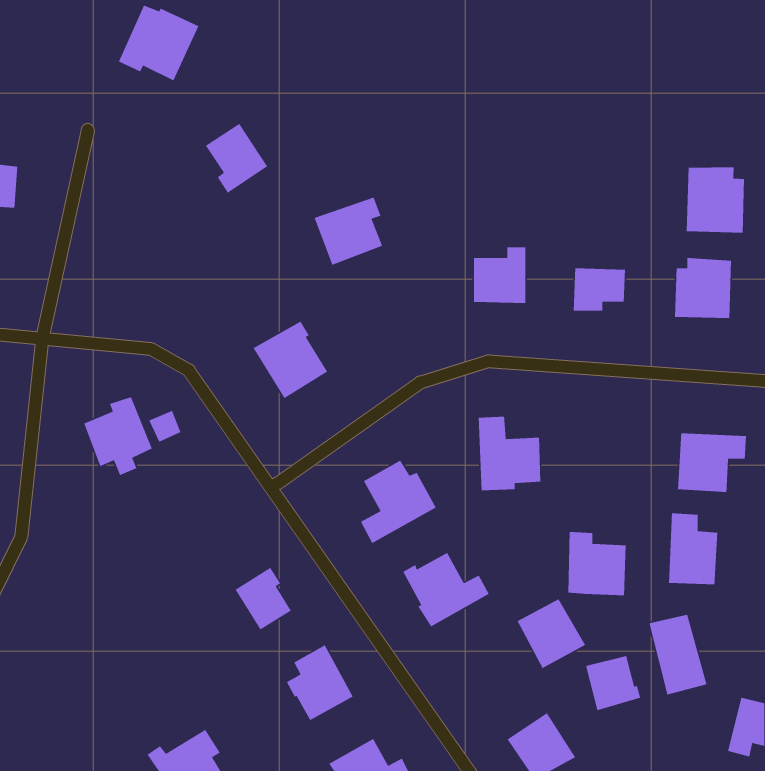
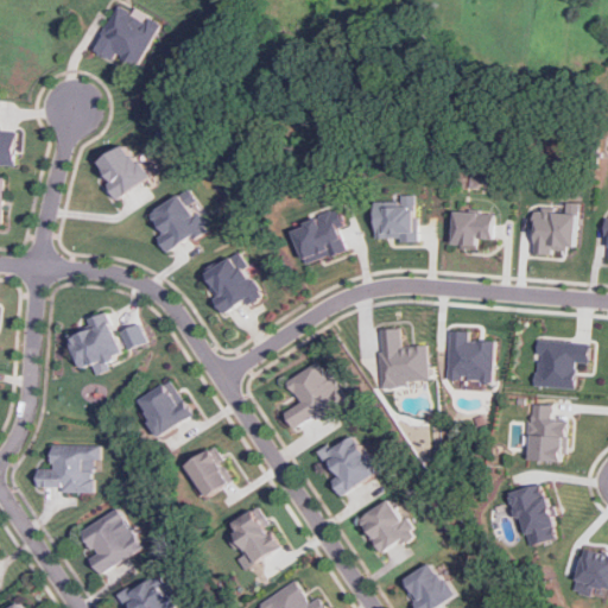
building: [205,123,268,194] -> [97,144,147,200]
building: [686,166,745,233] -> none
building: [314,196,383,266] -> [289,210,343,265]
building: none -> [145,190,207,251]
building: none -> [135,380,190,436]
building: [567,531,626,596] -> [445,330,492,381]
building: none -> [36,444,97,493]
building: [517,598,586,669] -> [356,499,411,555]
building: none -> [78,507,140,574]
building: [585,655,641,711] -> none

